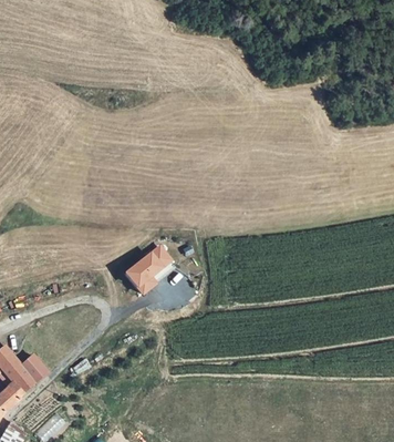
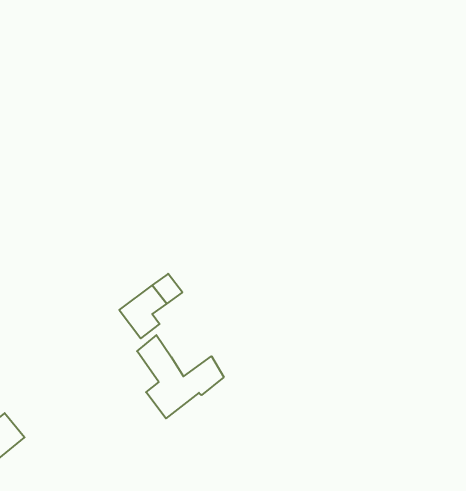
building: none -> [137,335,224,418]

